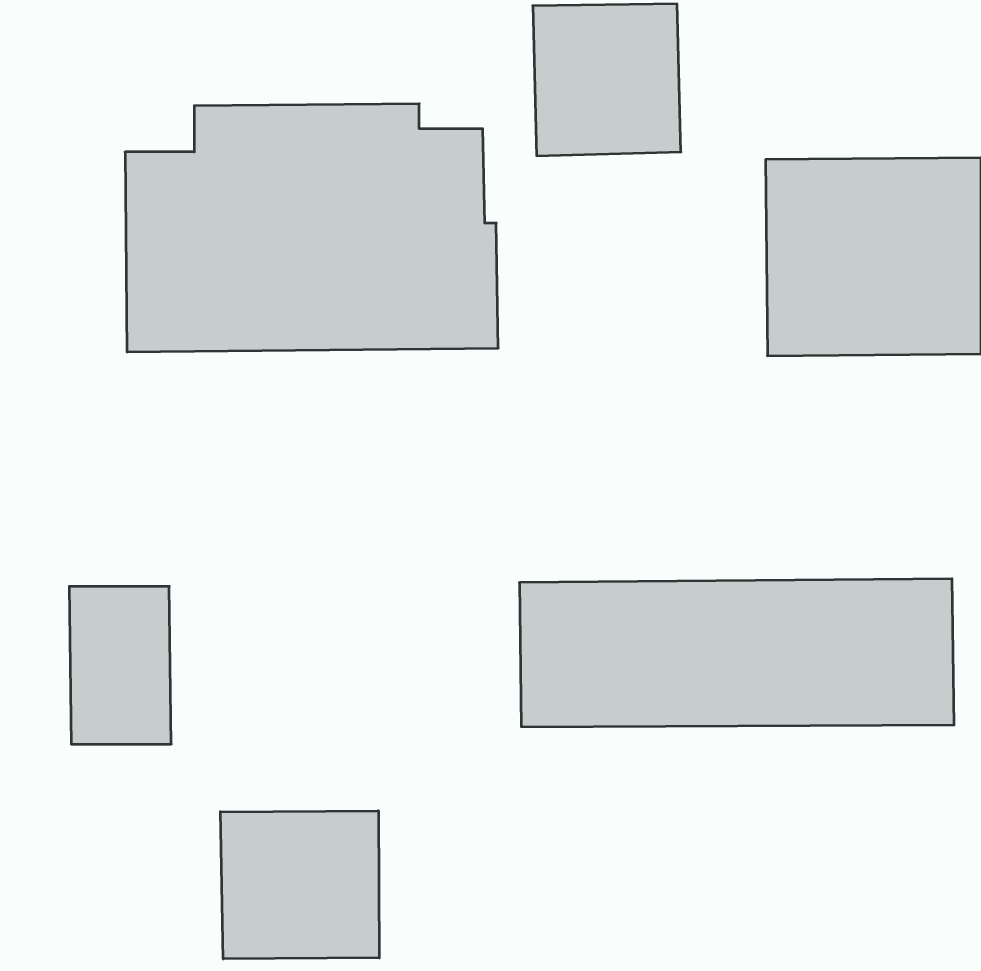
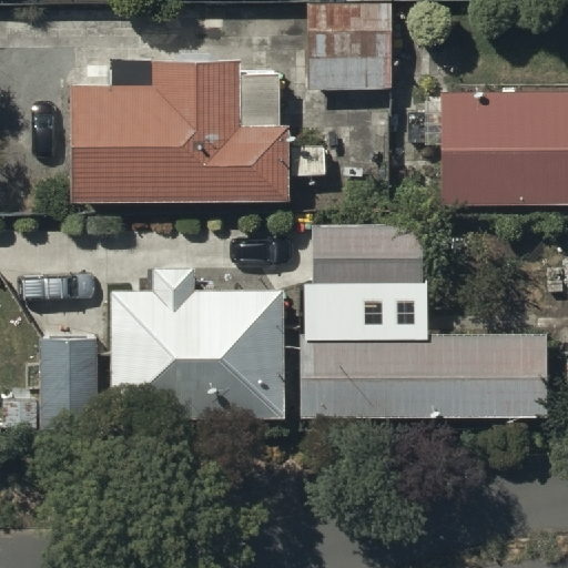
building: none -> [312,223,423,288]
building: none -> [113,267,284,420]
building: [220,811,379,959] -> none

